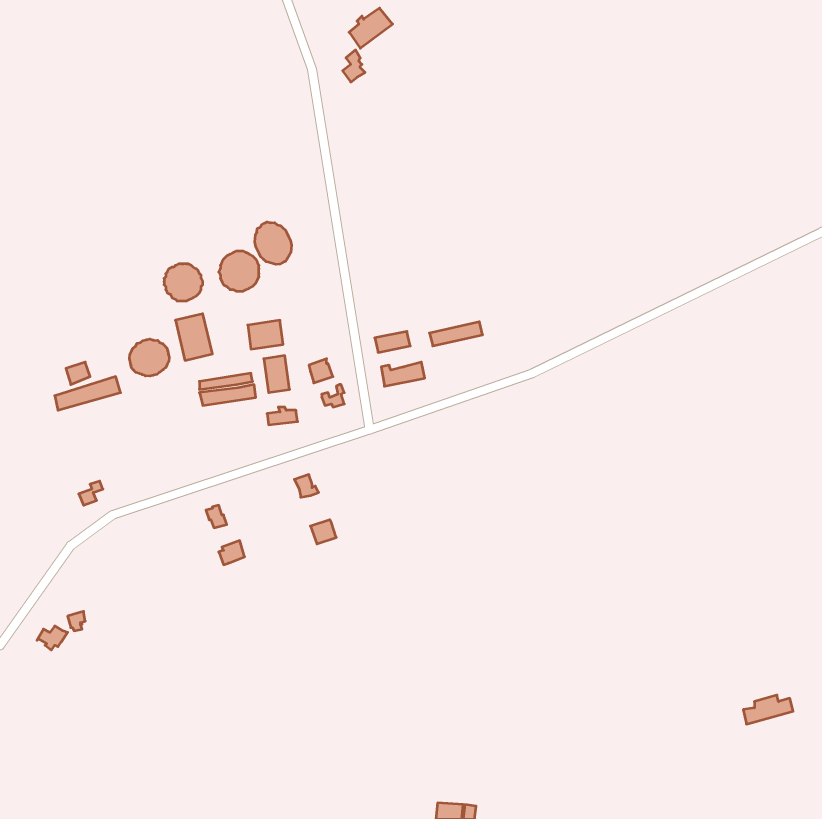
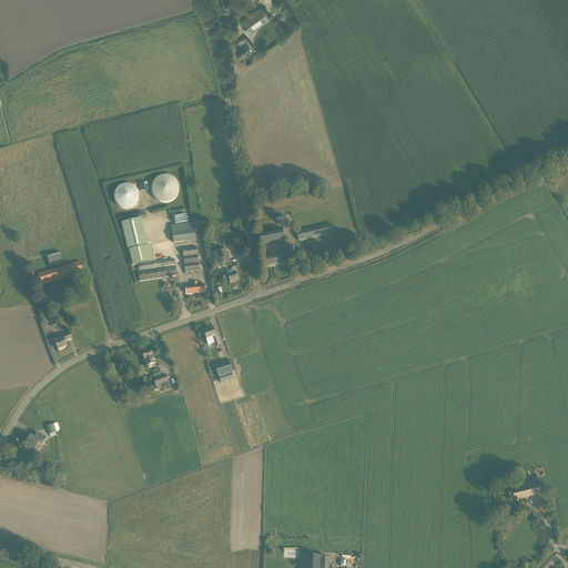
building: [255,222,292,264] -> none
building: [129,339,169,376] -> none

